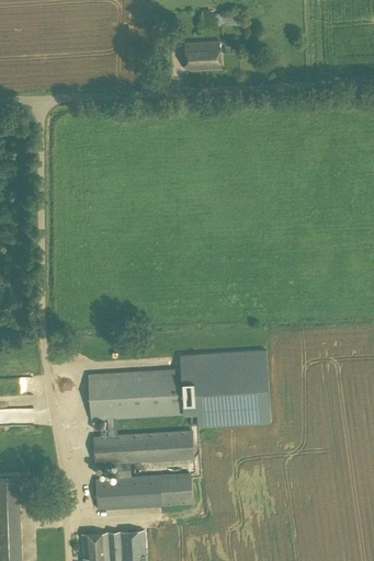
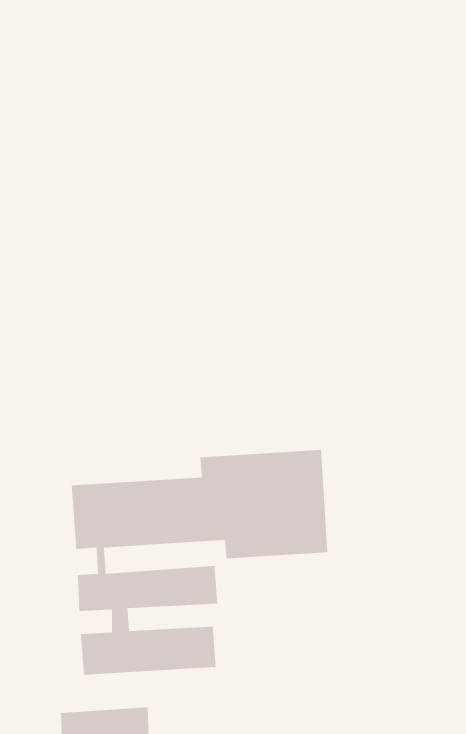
building: [184,41,220,69] -> none

